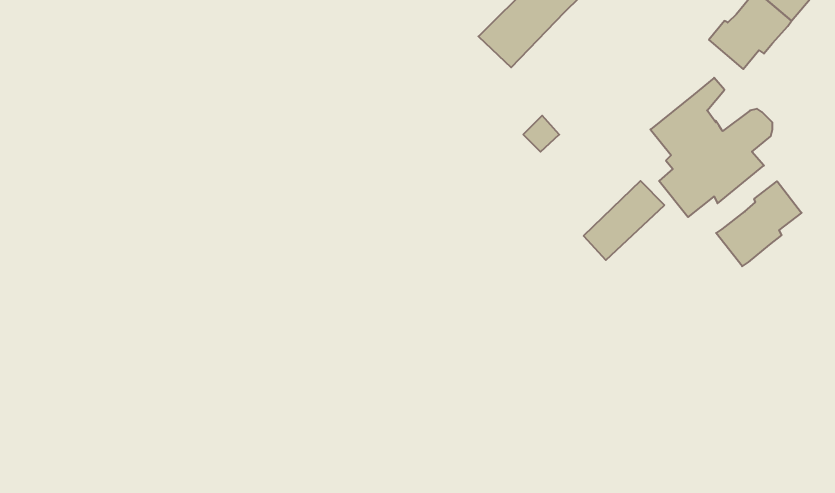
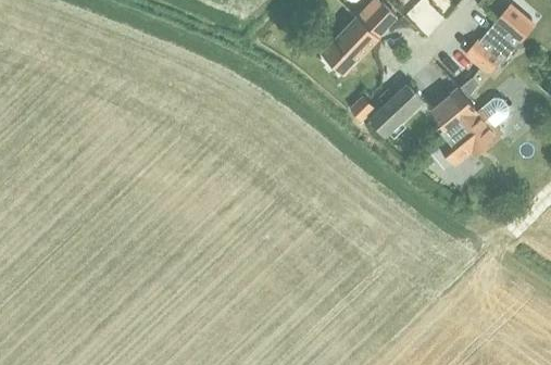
building: [584,181,664,260] -> [371,85,422,135]
building: [716,181,802,266] -> none

